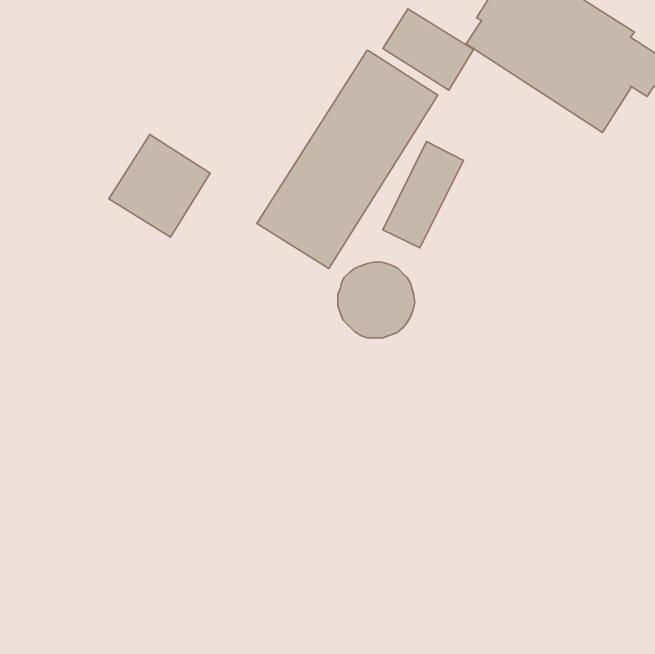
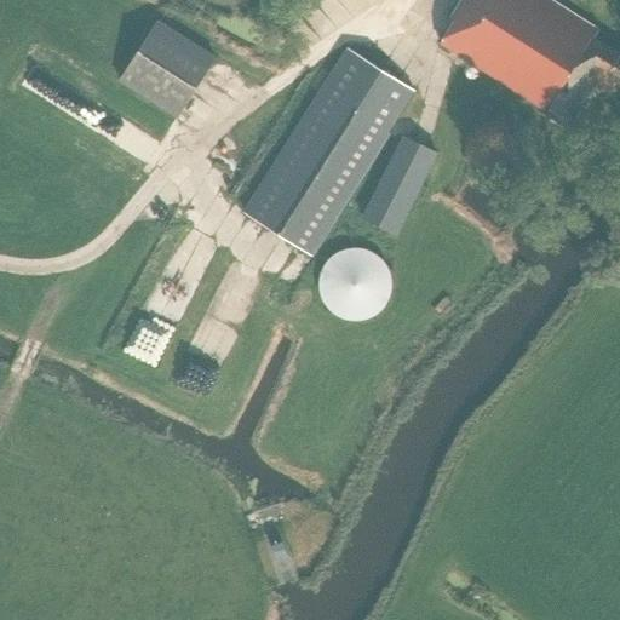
building: [383,9,474,90] -> none
building: [109,134,210,237] -> [120,19,216,116]

